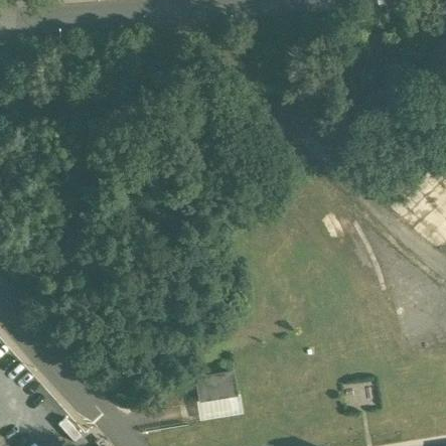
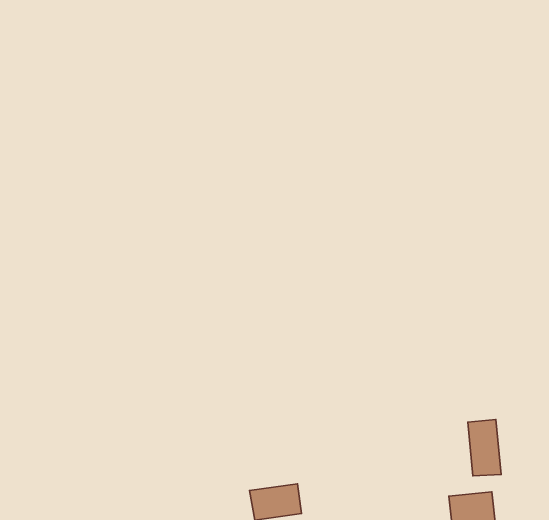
building: none -> [468,419,501,476]

